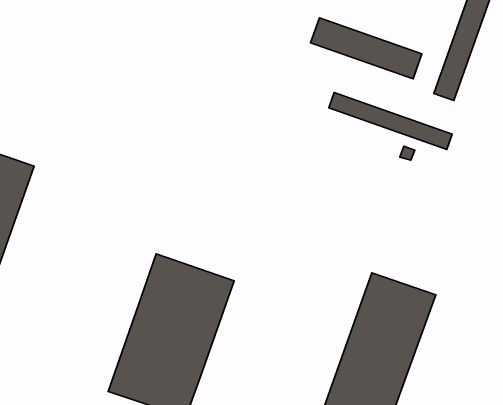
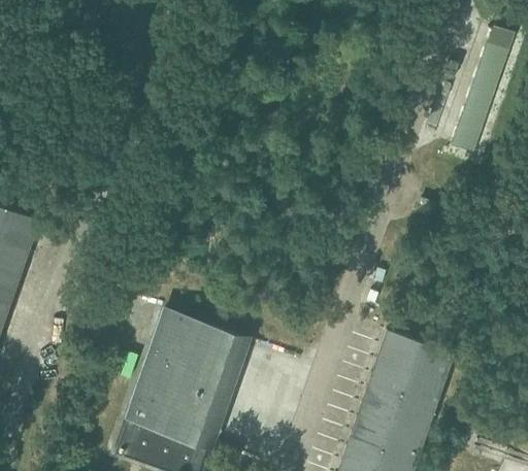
building: [310,18,422,79] -> none
building: [329,93,452,149] -> none

